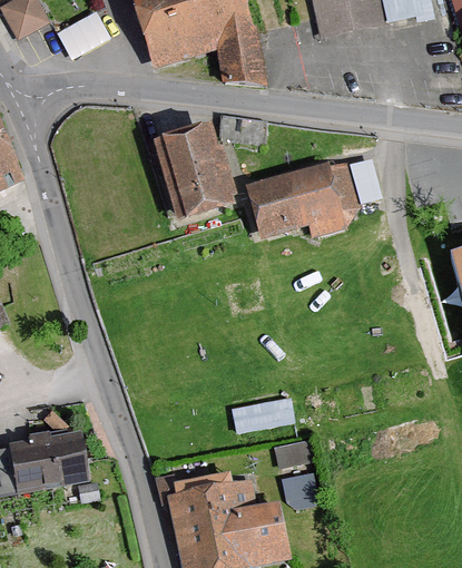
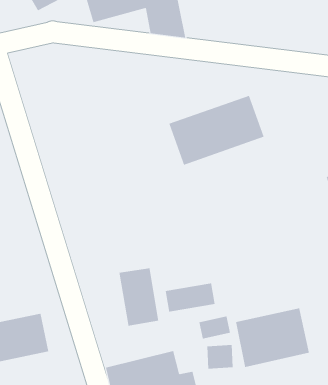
building: [145,125,230,227] -> none
building: none -> [119,268,159,326]
building: none -> [236,307,310,368]

